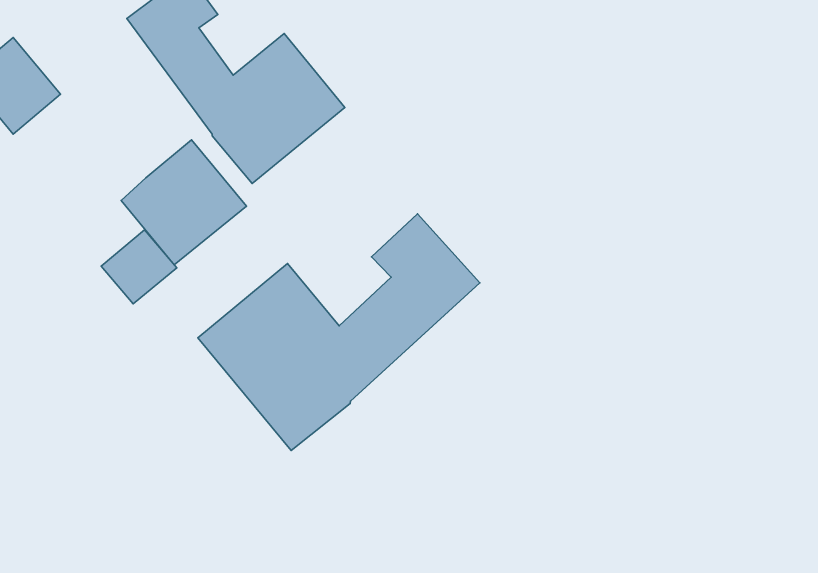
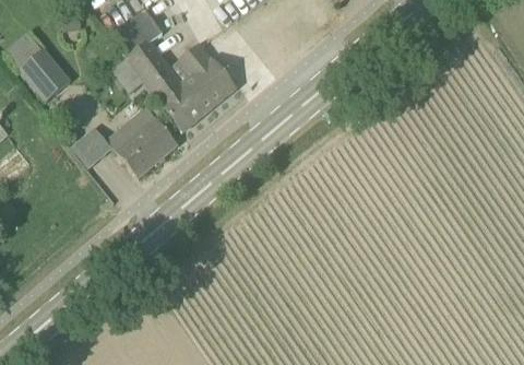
building: [198,214,480,451] -> none
building: [101,230,177,304] -> [67,125,110,167]

